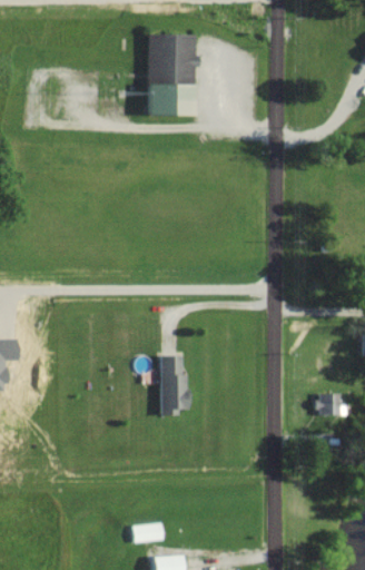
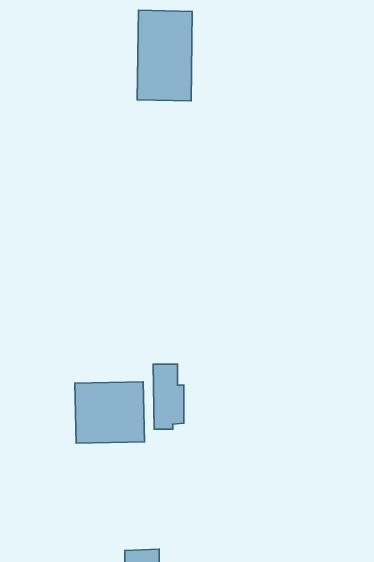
building: none -> [75,382,145,443]
building: [317,393,348,414] -> none

